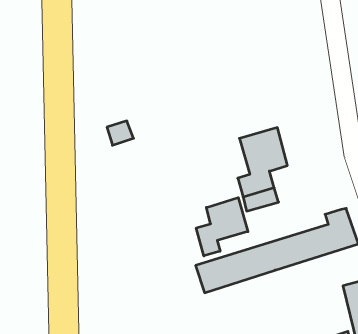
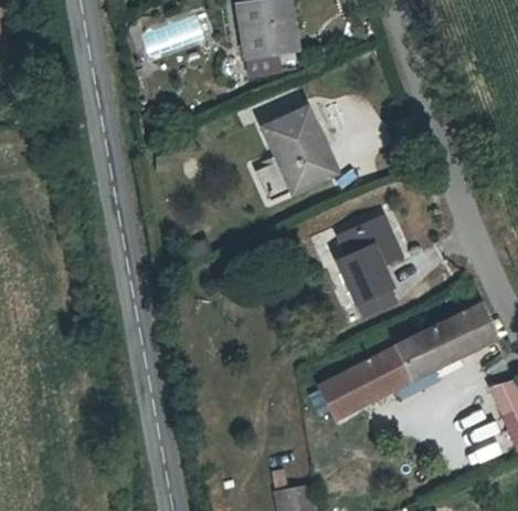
building: none -> [264,108,328,190]
building: [196,198,248,256] -> none

